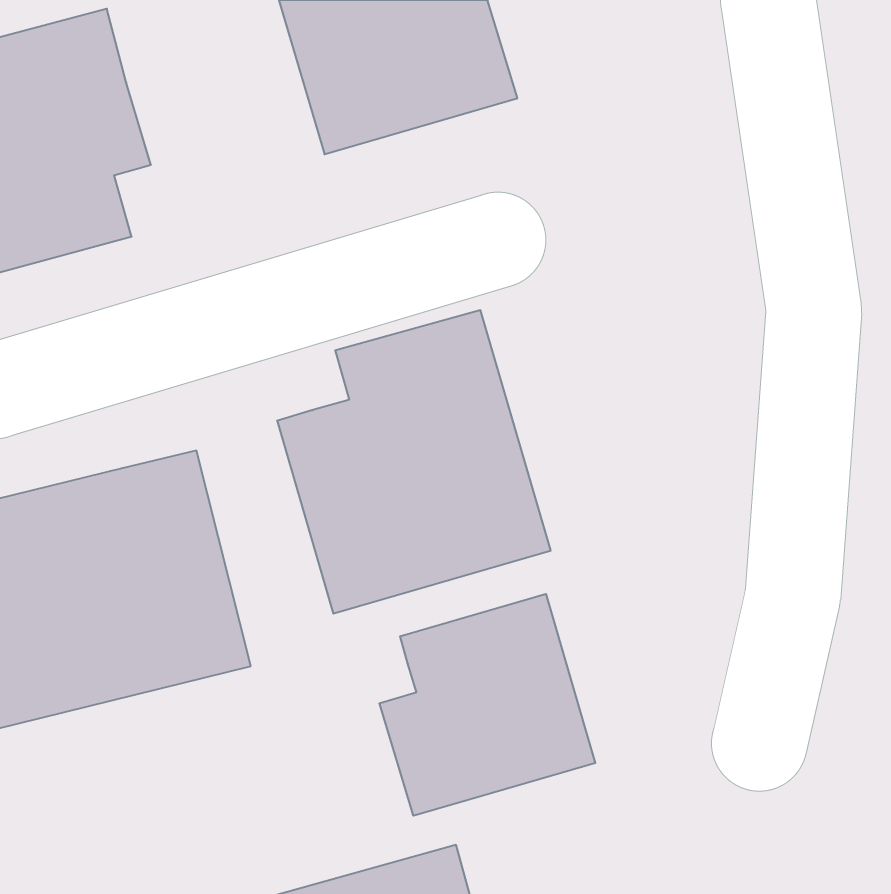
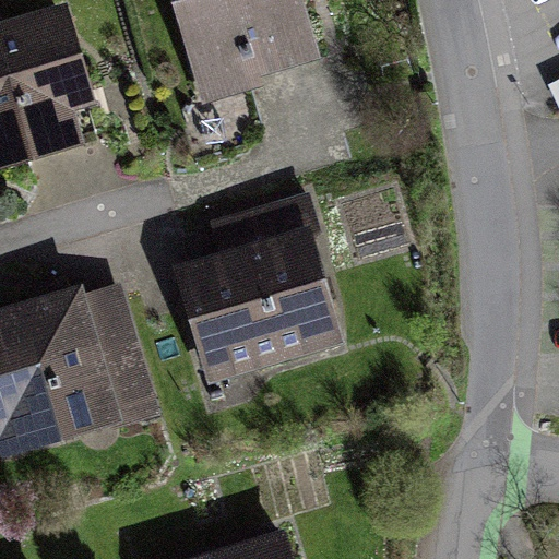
building: [379,594,595,816] -> none

